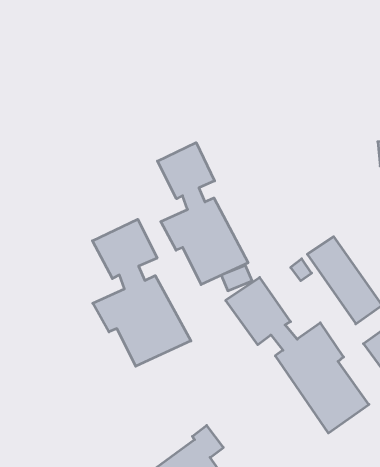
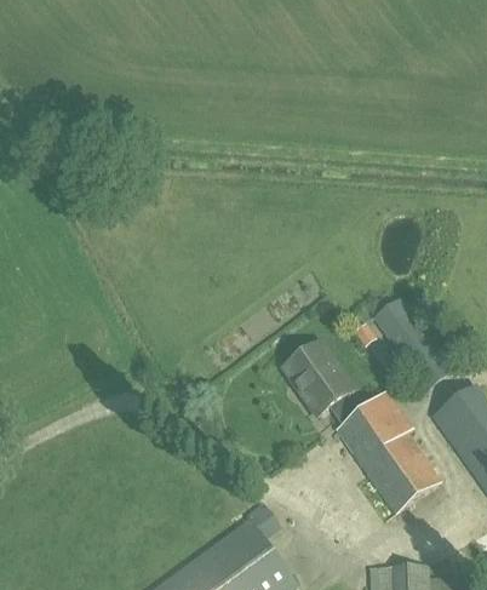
building: [157,143,248,285] -> none
building: [92,219,191,366] -> none

